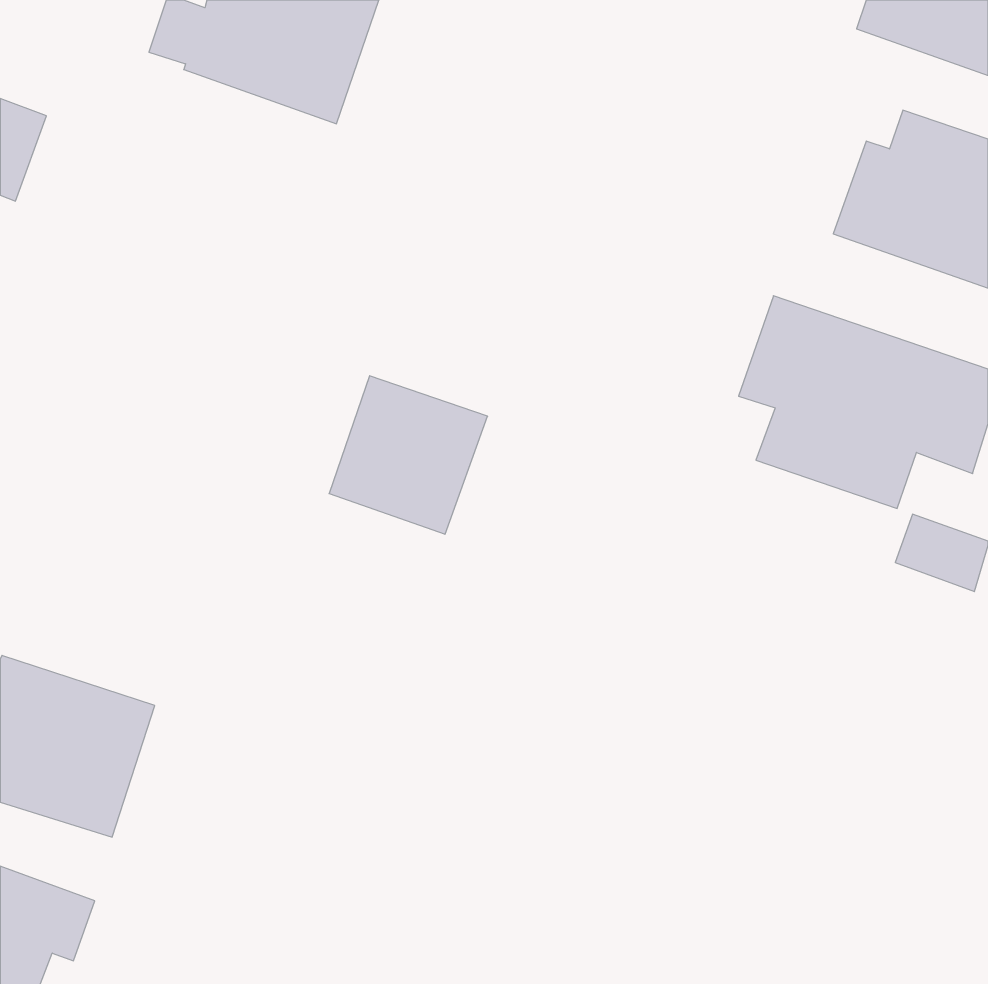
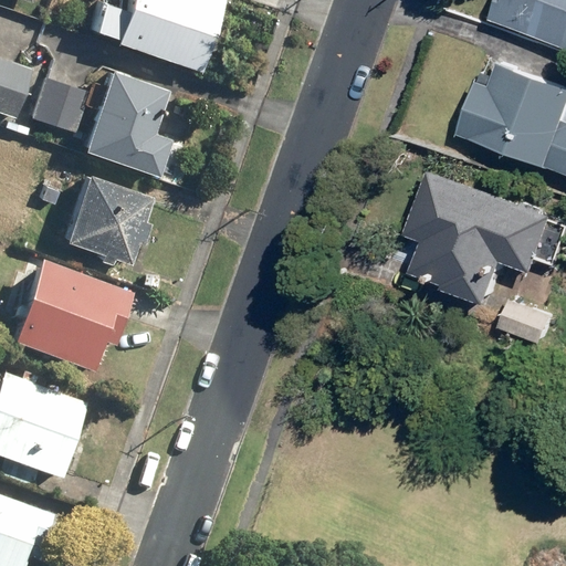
building: none -> [82,69,172,176]
building: none -> [27,76,84,132]
building: [329,376,488,534] -> [64,170,155,261]
building: none -> [11,264,136,377]

